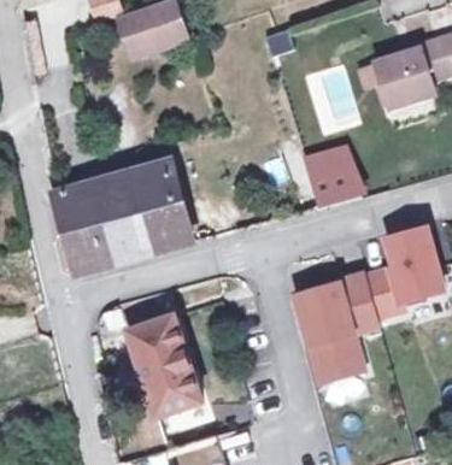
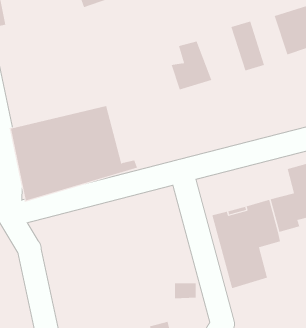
building: [311,149,360,208] -> [171,41,212,90]
building: [118,299,195,422] -> none

